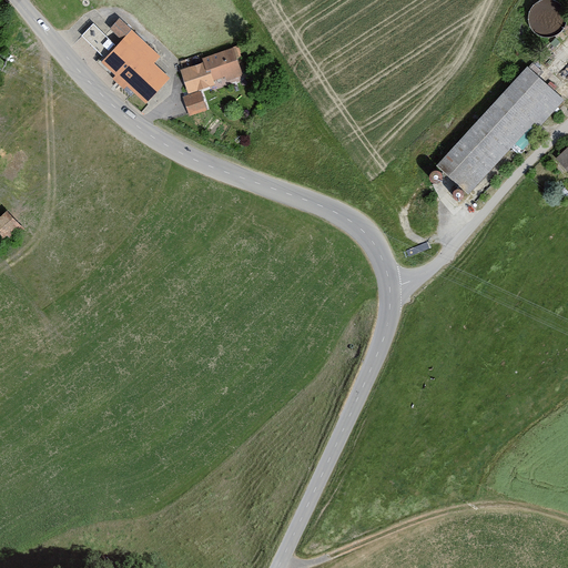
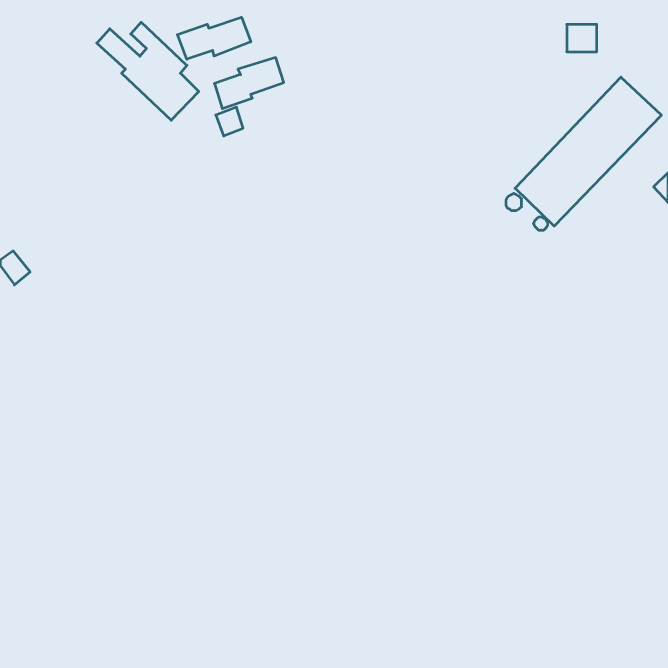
building: [532,7,558,30] -> [567,24,597,52]
building: none -> [177,17,251,59]

